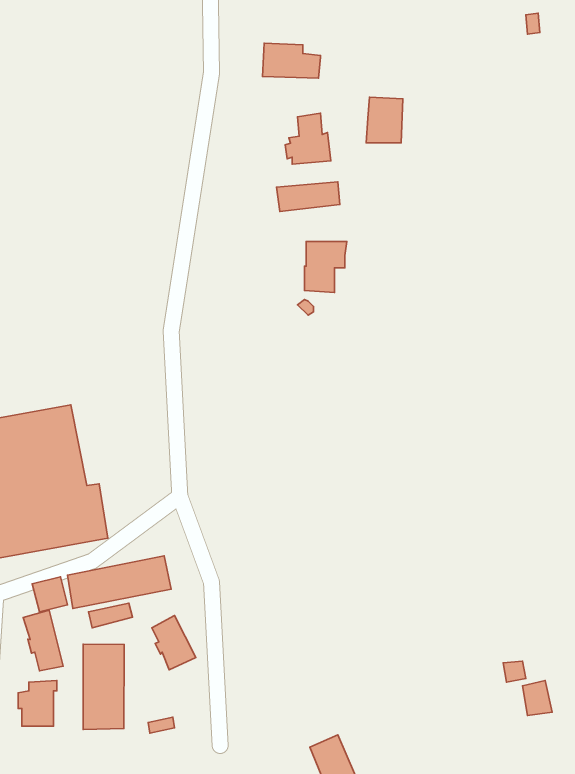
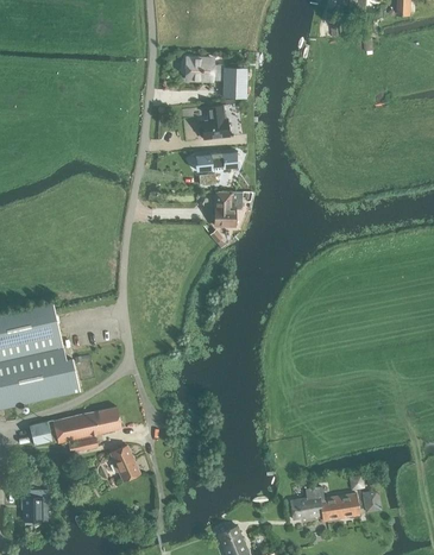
building: [366,97,403,143] -> [222,68,247,99]
building: [23,610,63,671] -> none
building: [83,644,124,730] -> none
building: none -> [289,488,359,522]

